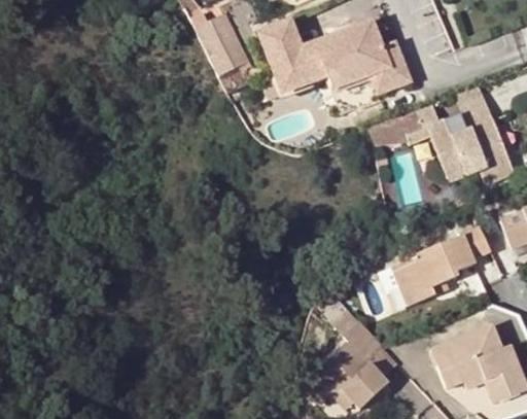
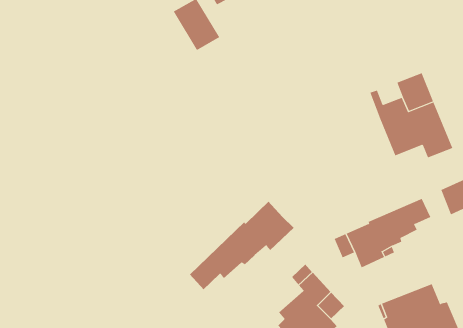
building: [267,12,413,83] -> none
building: [372,111,430,148] -> none
building: none -> [189,201,295,290]

